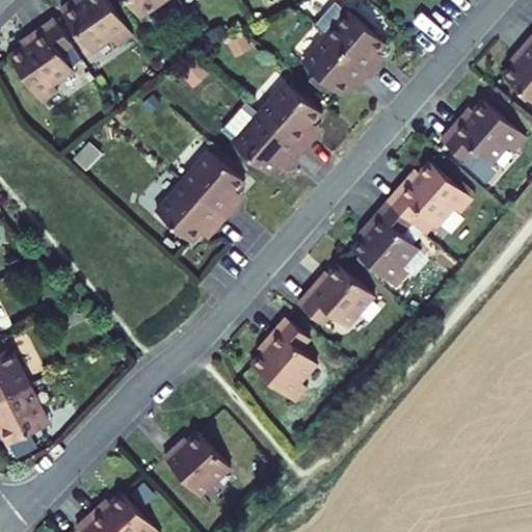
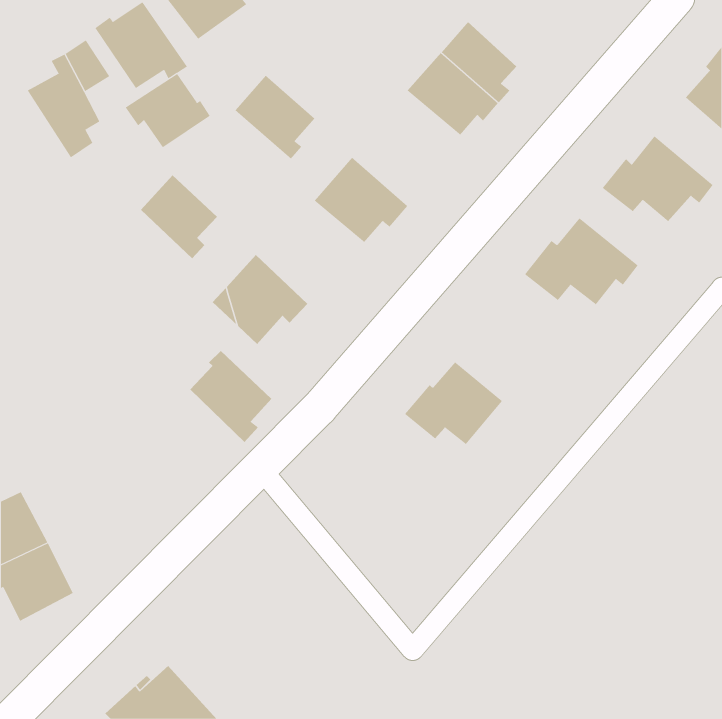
building: none -> [125,73,210,148]
building: [259,89,318,152] -> [235,75,315,160]
building: [188,161,245,223] -> [140,174,218,259]
building: [353,202,417,282] -> none
building: none -> [189,350,272,443]
building: [247,321,312,403] -> none
building: [165,428,232,493] -> none

